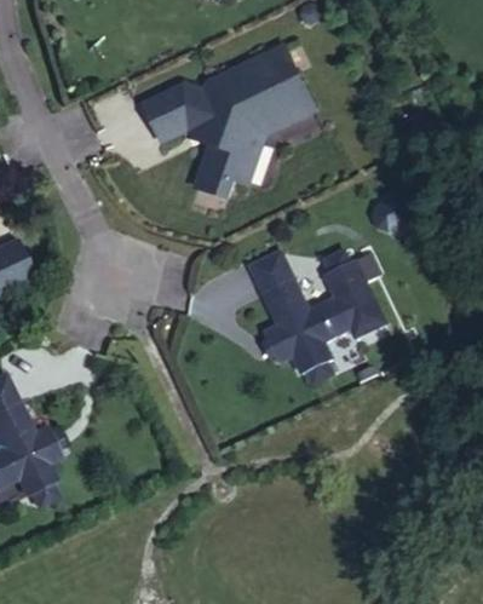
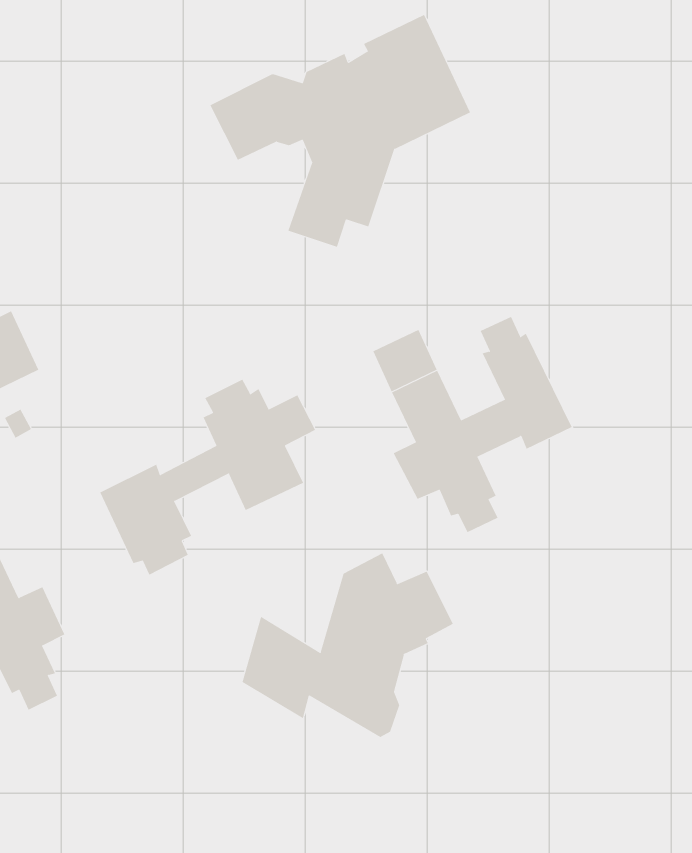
building: none -> [100,379,316,576]
building: none -> [242,553,454,738]

